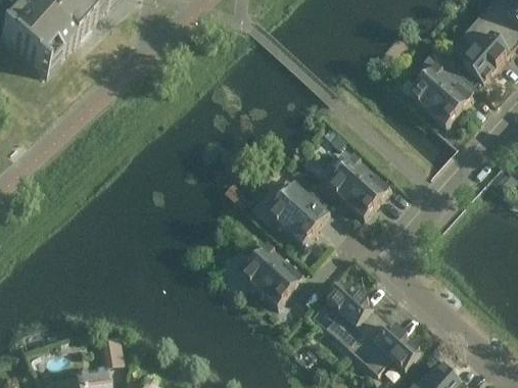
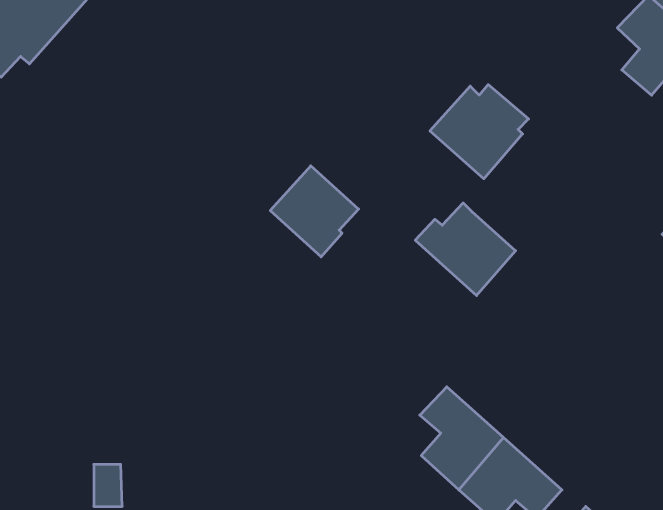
building: [408,61,475,126] -> [430,85,529,179]
building: [267,182,327,244] -> [270,166,359,257]
building: [235,243,303,305] -> none

